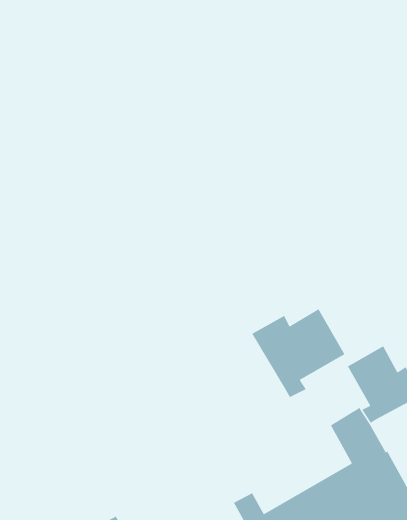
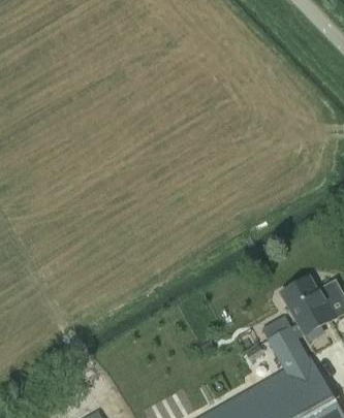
building: [251,308,345,398] -> none

